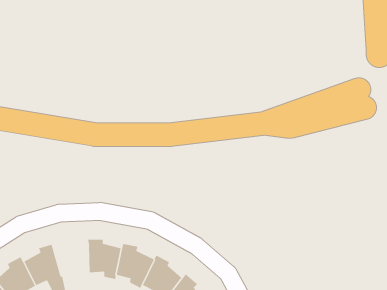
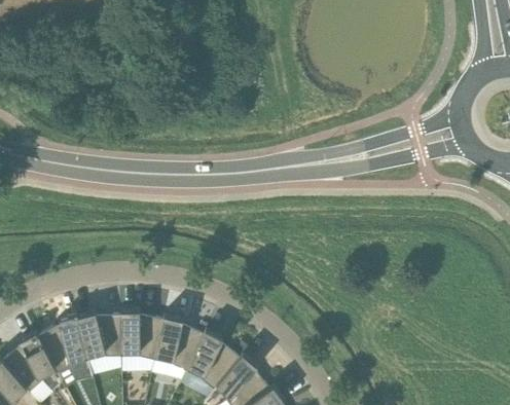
building: none -> [75,314,122,360]

